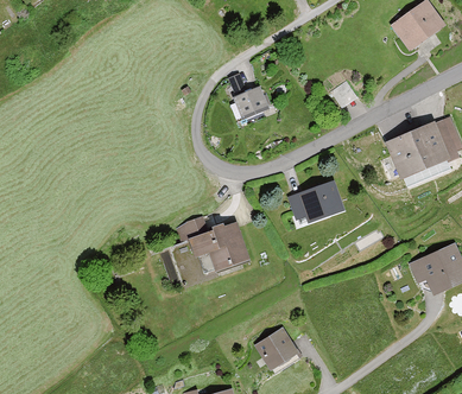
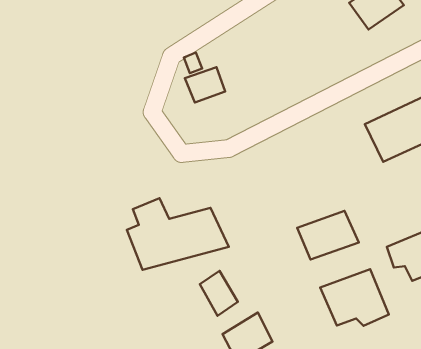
building: [295,180,355,228] -> [297,211,359,259]
building: none -> [320,269,389,326]
building: none -> [200,271,238,316]

